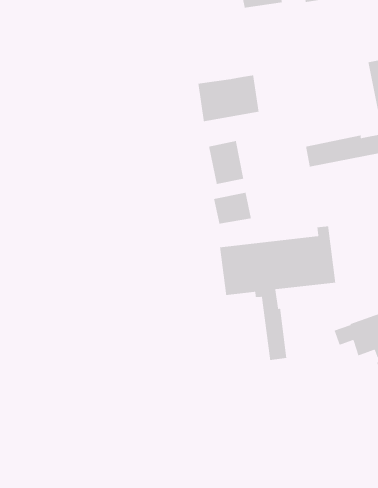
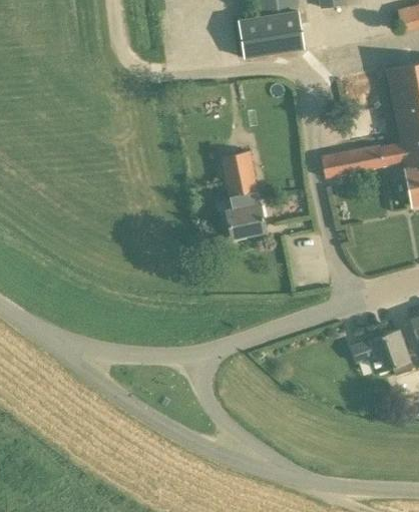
building: [197,75,260,122] -> [240,10,304,59]
building: [219,225,336,361] -> none

